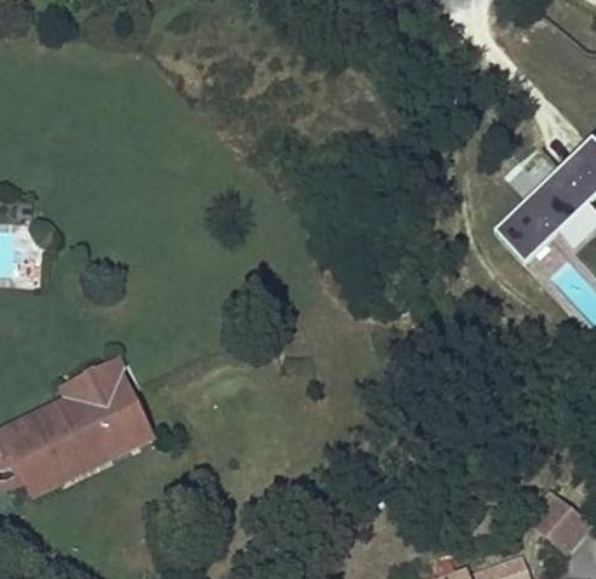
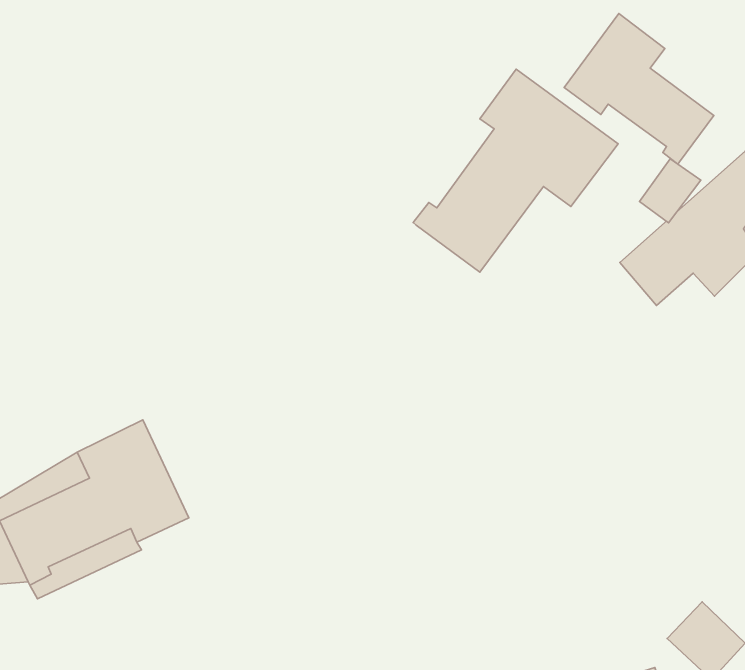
building: none -> [564,13,714,164]
building: none -> [413,69,618,272]

